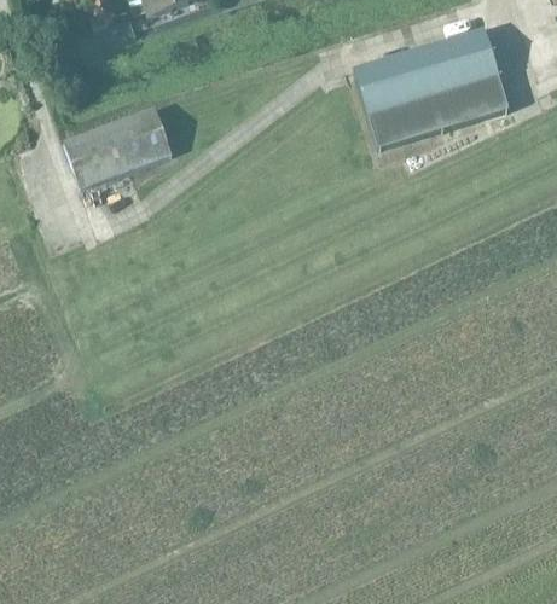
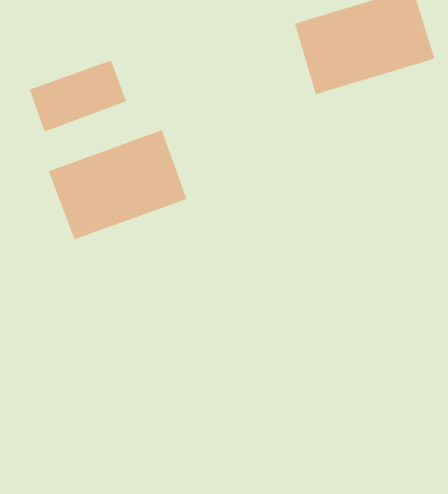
building: none -> [48,129,187,240]

